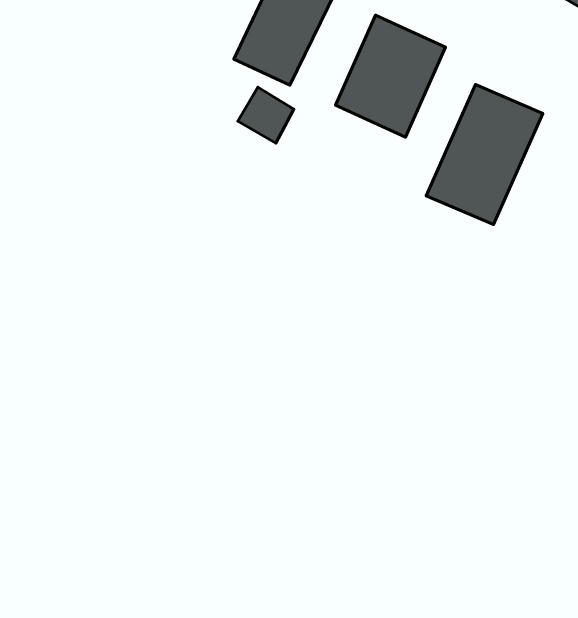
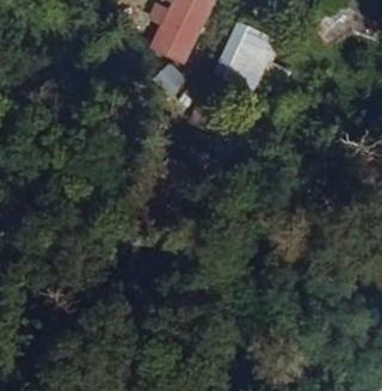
building: [426,85,543,225] -> none

